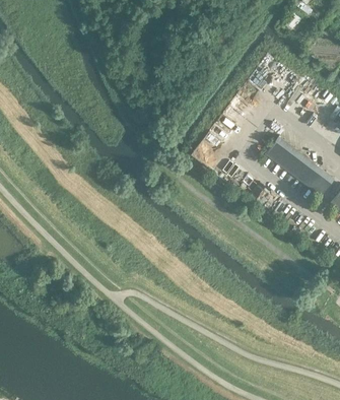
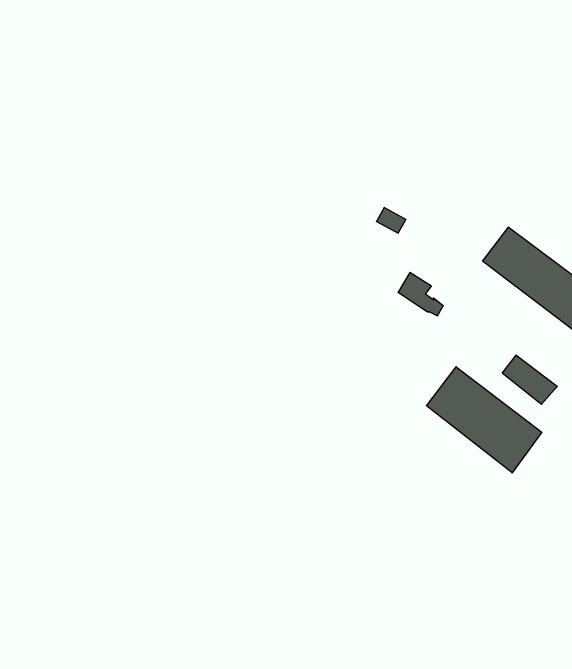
building: none -> [426,367,542,473]

